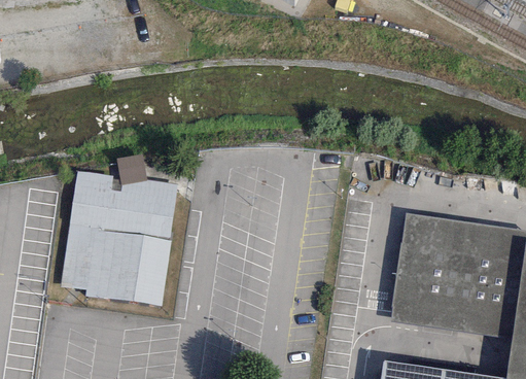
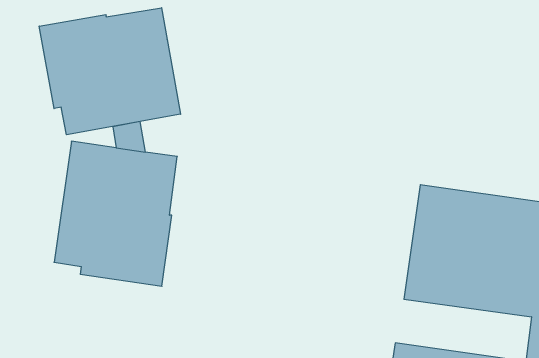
building: none -> [39,8,181,135]

